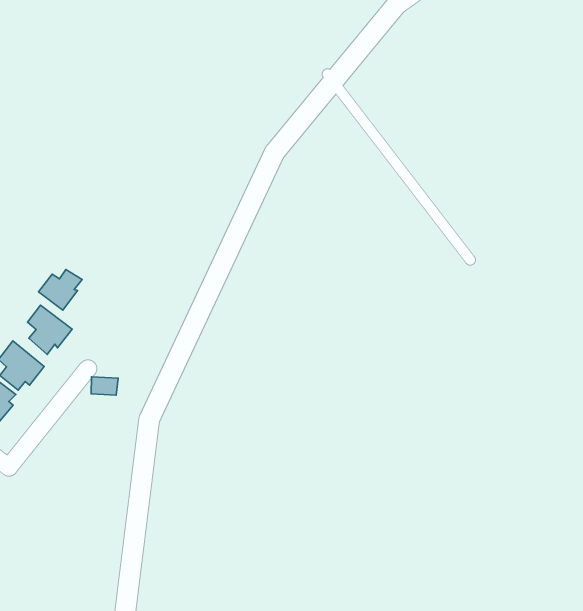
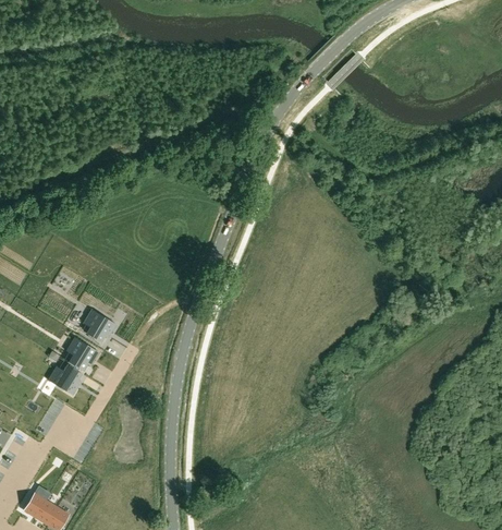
building: [39,269,82,310] -> none

